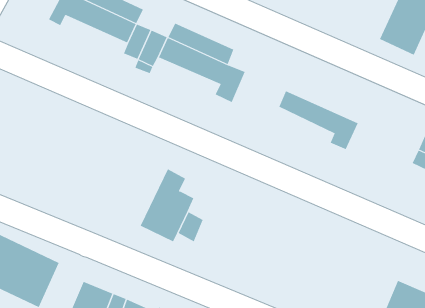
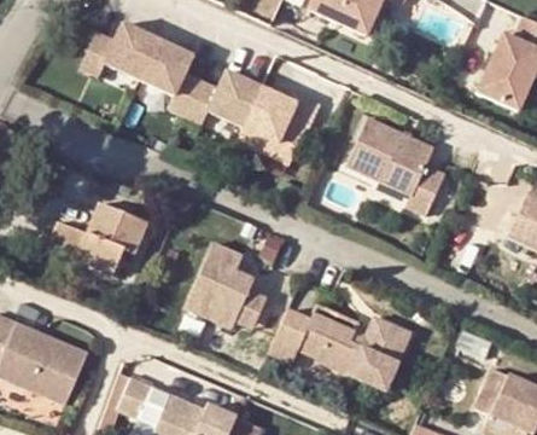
building: none -> [361,124,451,188]
building: none -> [48,199,146,273]
building: none -> [269,303,410,389]

